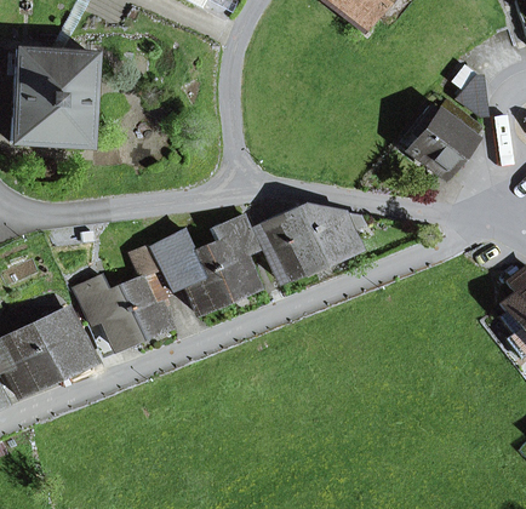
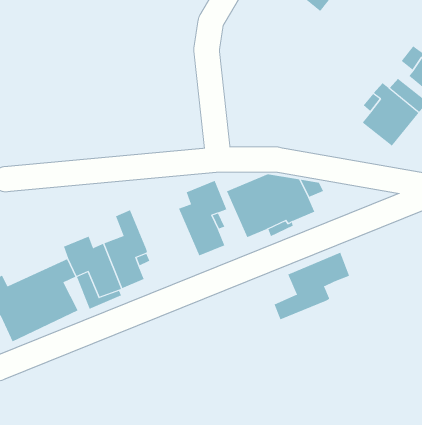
building: [13,48,96,147] -> none
building: [150,230,228,311] -> none
building: none -> [274,252,350,320]

